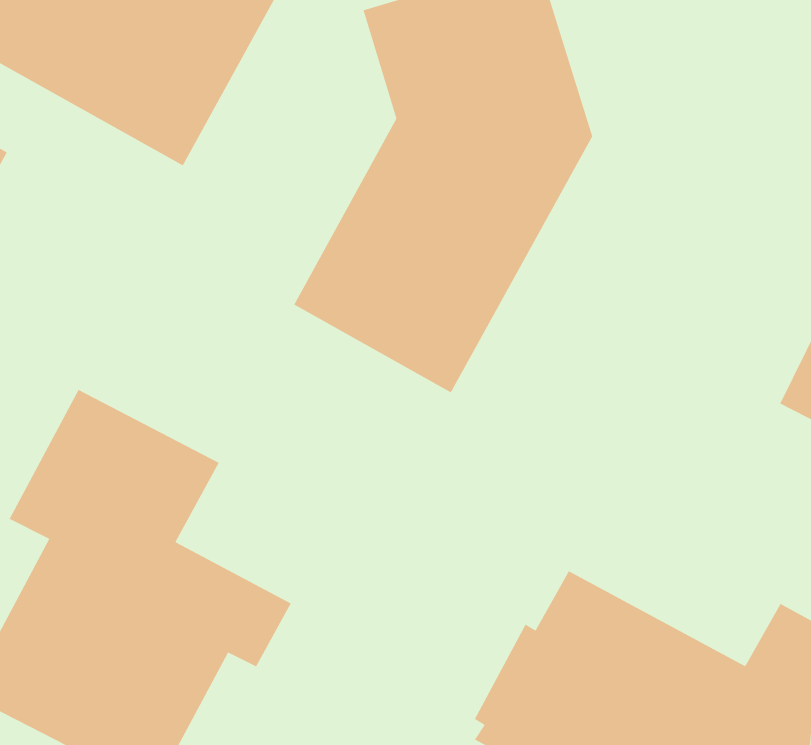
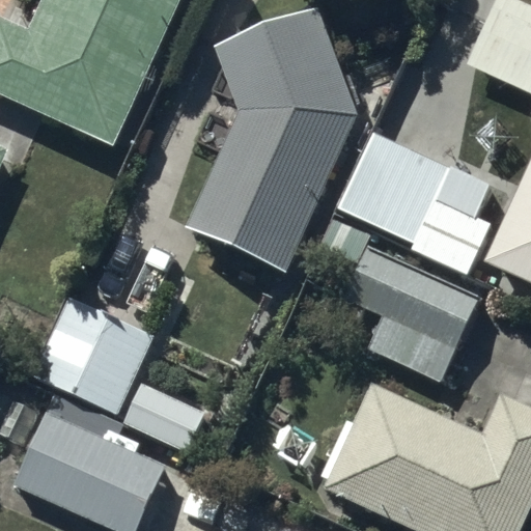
building: none -> [334,131,490,274]
building: none -> [339,246,475,379]

